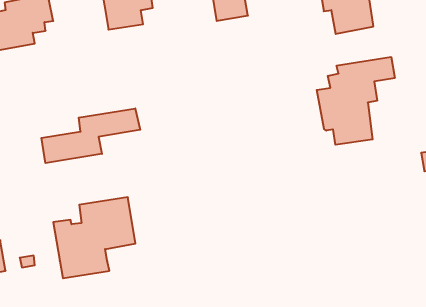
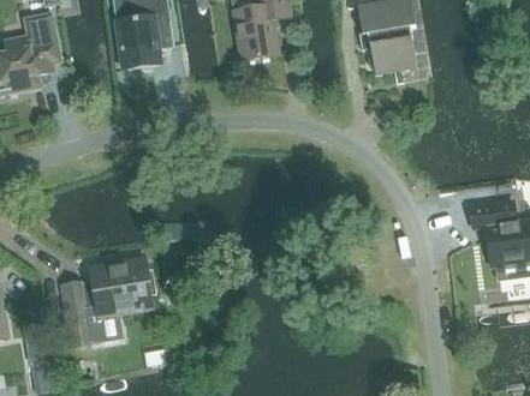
building: [317,57,395,145] -> none
building: [41,108,140,163] -> none

